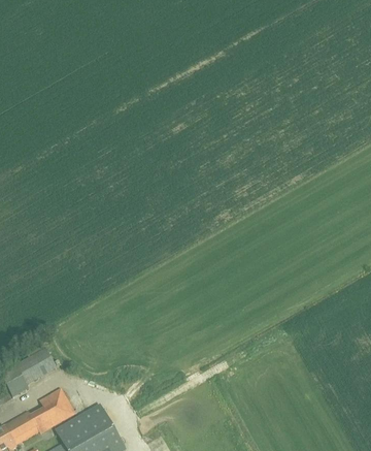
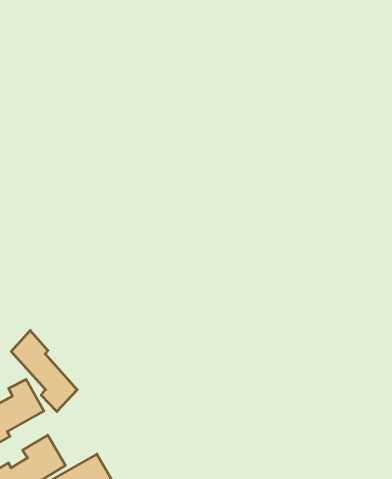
building: none -> [11,330,77,412]

